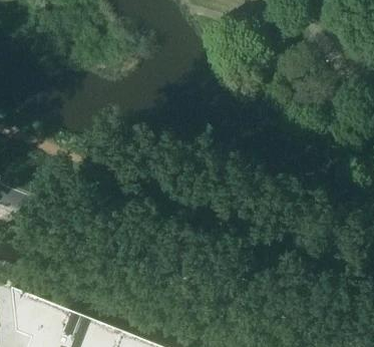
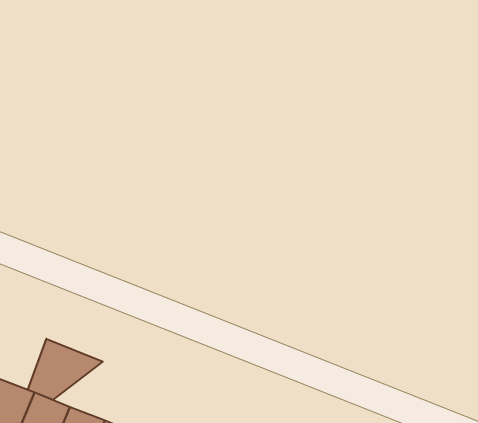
building: none -> [28,339,103,400]

